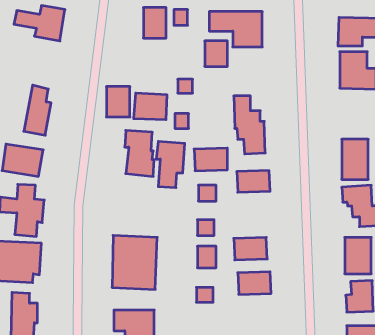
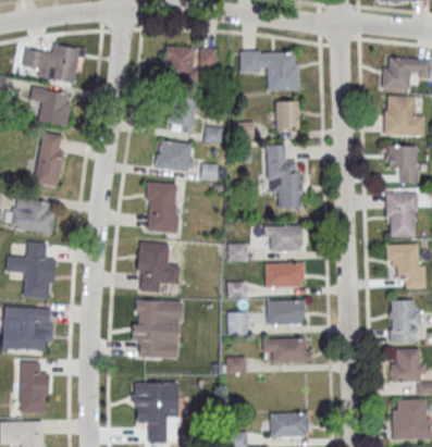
building: [205,41,227,66] -> [274,101,299,129]
building: none -> [30,87,71,126]
building: [106,87,130,117] -> [168,97,194,131]
building: none -> [383,146,418,184]
building: [156,141,185,188] -> [137,243,169,294]
building: [194,148,227,171] -> [264,263,301,288]

